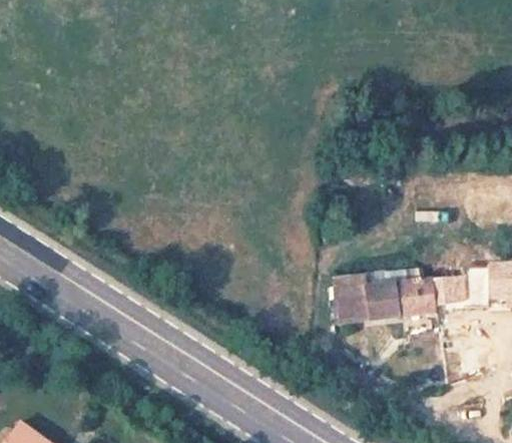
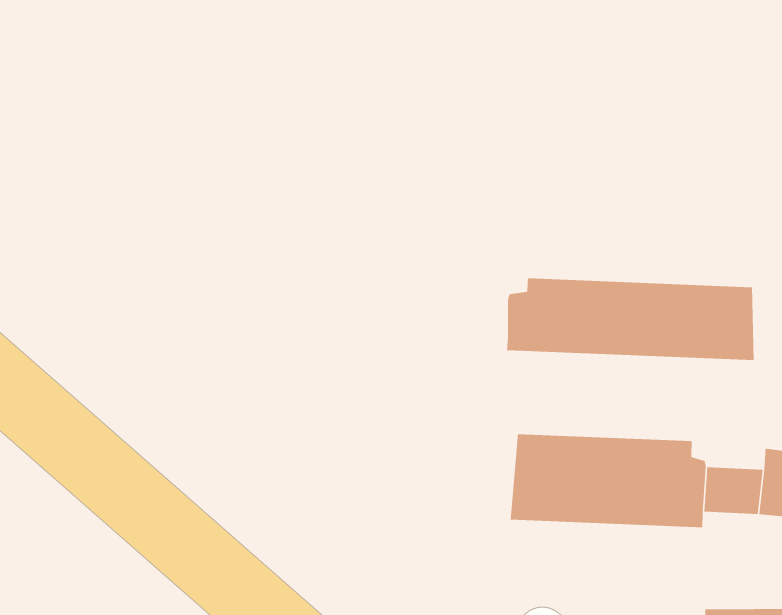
building: none -> [507,278,754,361]

